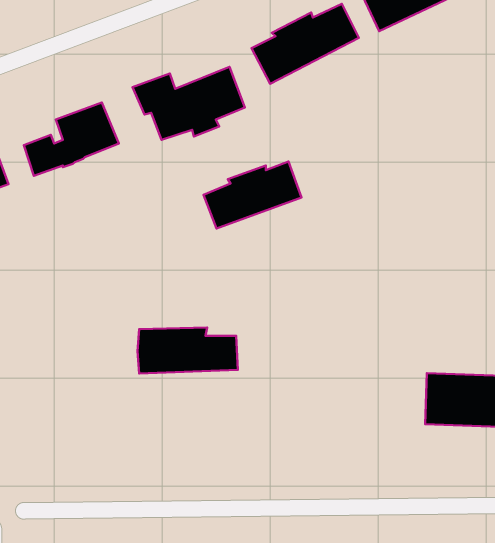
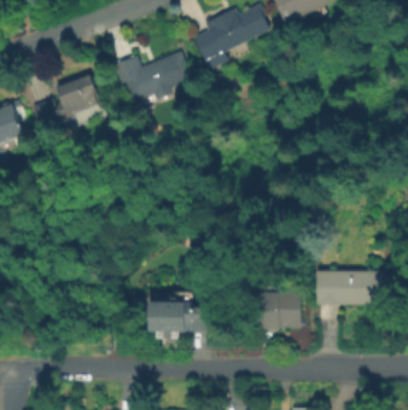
building: [204,161,302,229] -> none
building: [138,327,238,373] -> [141,303,212,335]
building: none -> [258,291,301,330]

